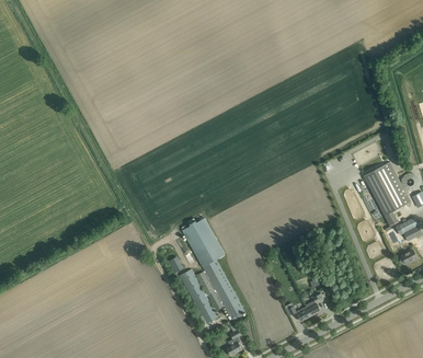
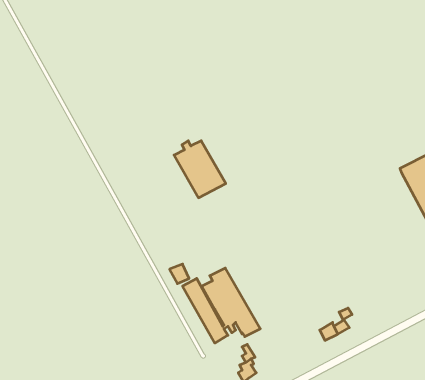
building: [181,218,225,266] -> [174,141,226,198]

